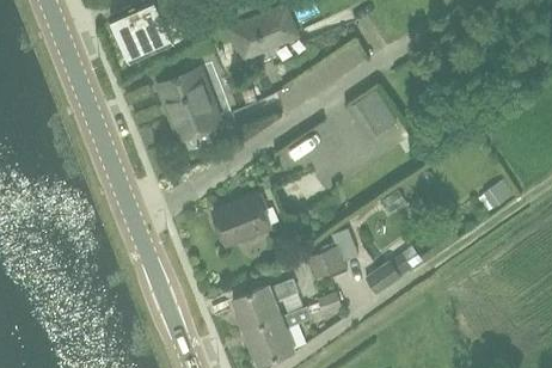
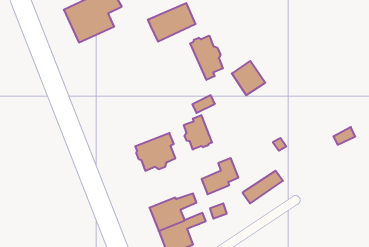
building: none -> [190,36,223,80]
building: [160,68,220,139] -> none
building: none -> [184,115,212,150]

